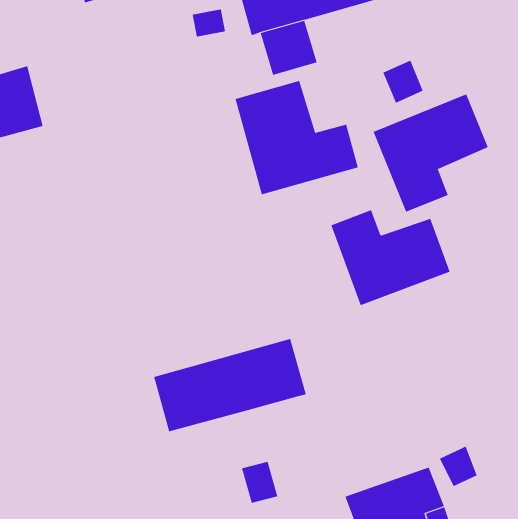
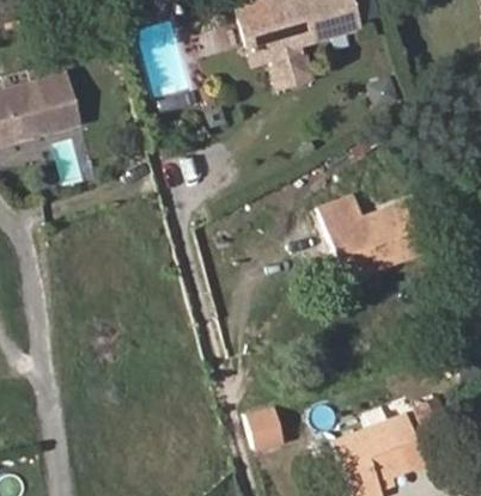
building: [235,80,358,195] -> none
building: [373,94,489,212] -> none
building: [153,338,307,432] -> none

